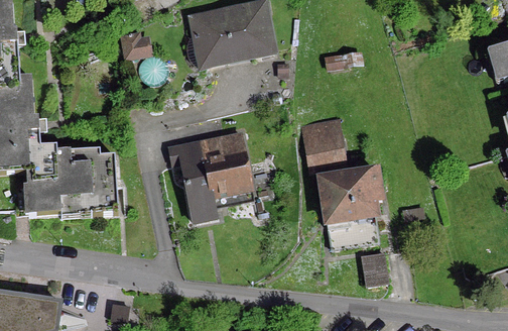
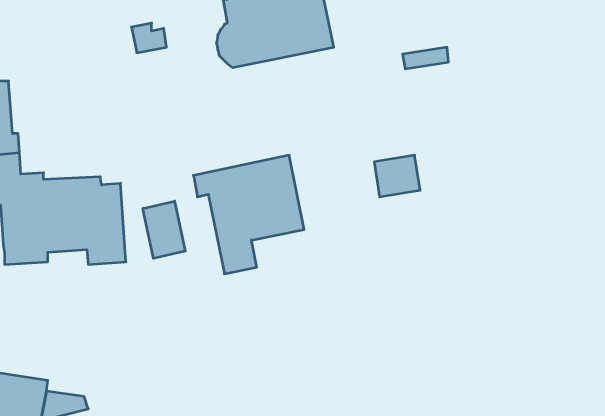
building: none -> [143,201,185,258]
building: [320,170,380,248] -> none
building: [361,250,389,285] -> none

